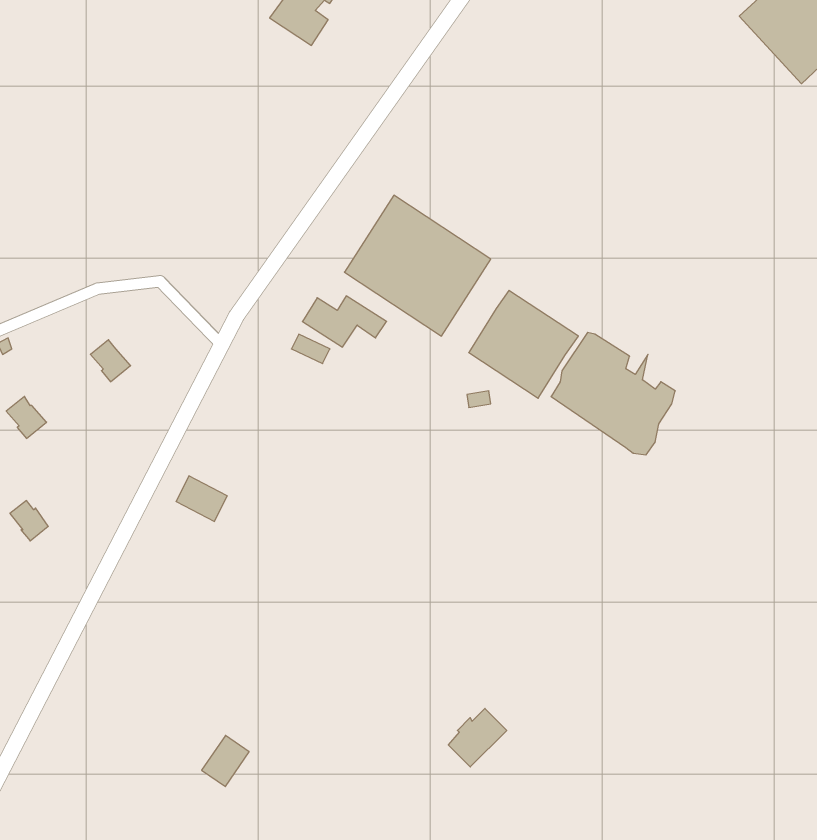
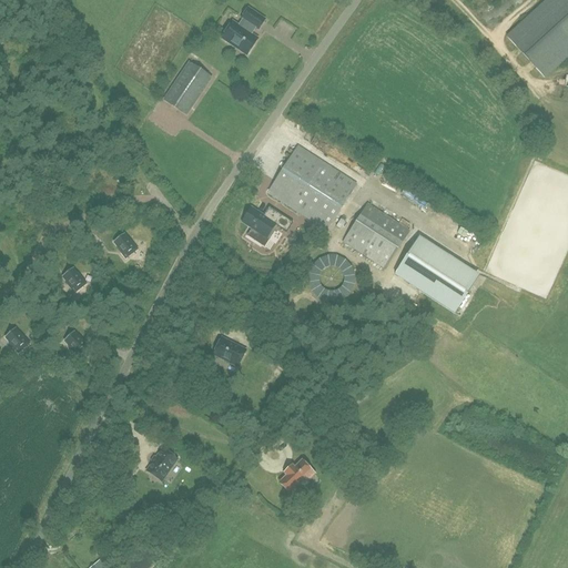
building: none -> [165,63,211,114]
building: [176,476,227,521] -> [214,337,245,365]
building: [448,708,507,767] -> [280,459,315,495]
building: [202,735,249,787] -> [148,448,176,479]

